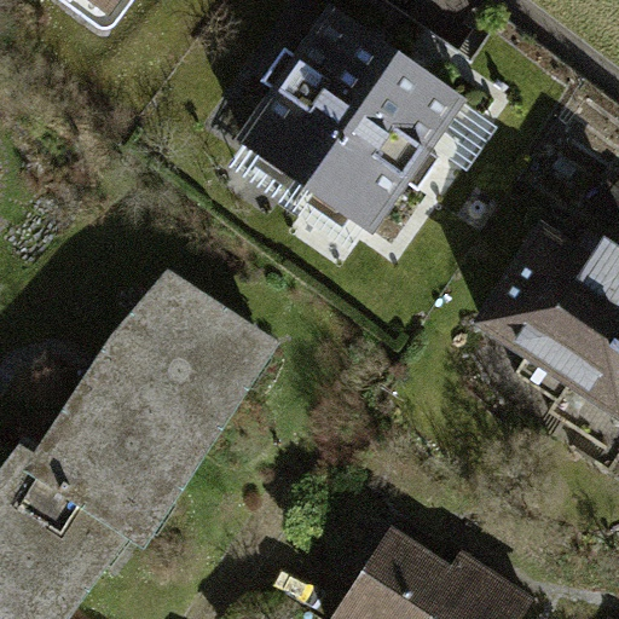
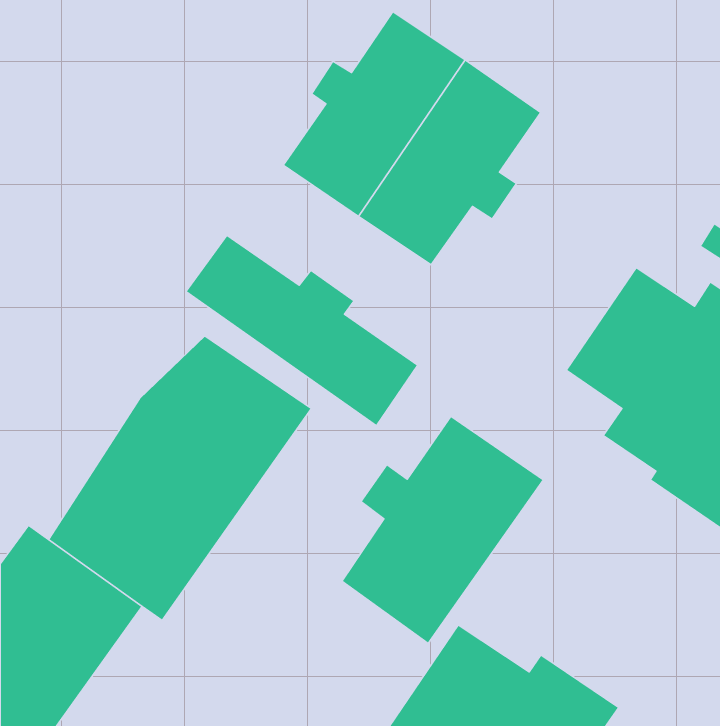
building: none -> [186,235,418,426]
building: none -> [342,416,543,643]

